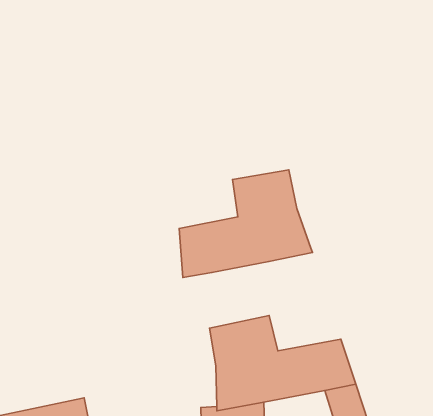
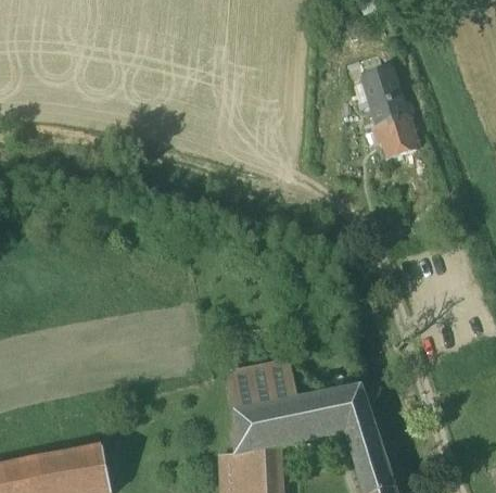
building: none -> [363,62,421,161]
building: [179,170,312,278] -> none

